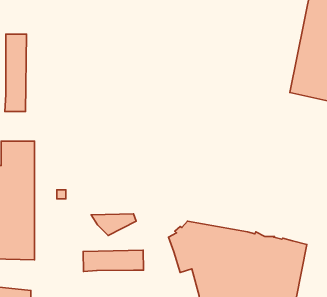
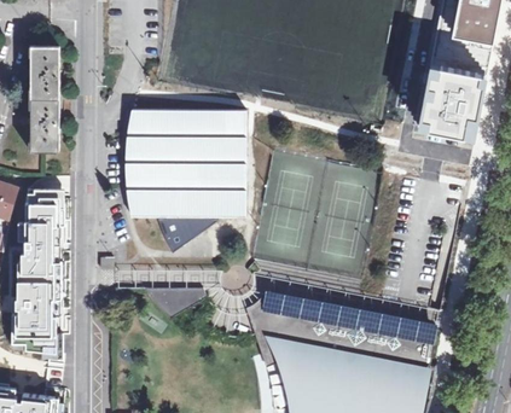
building: none -> [124,106,246,251]
building: [83,250,143,271] -> none

